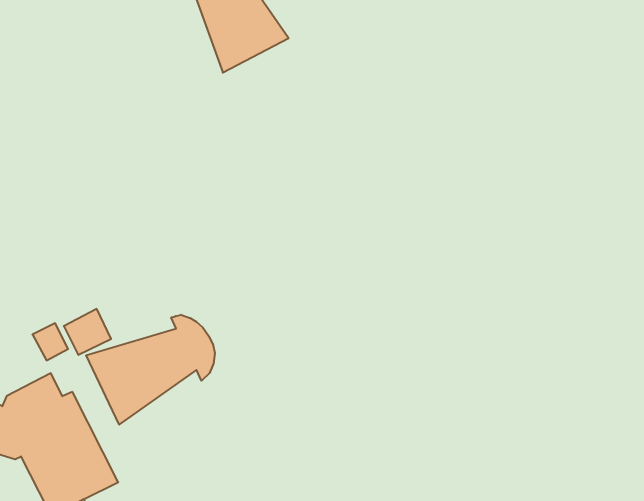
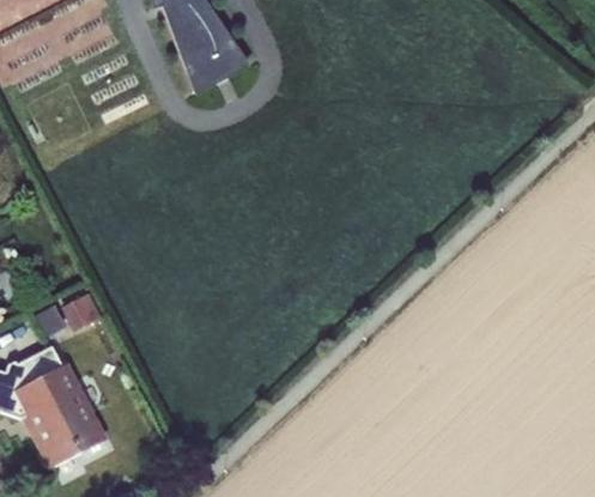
building: [86,315,215,425] -> none

